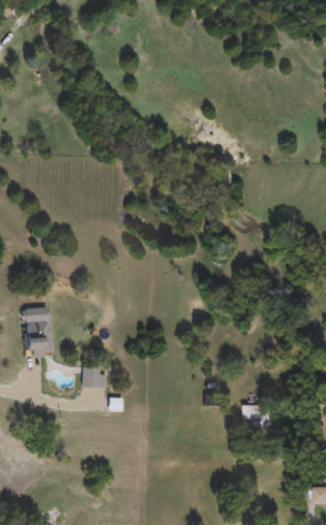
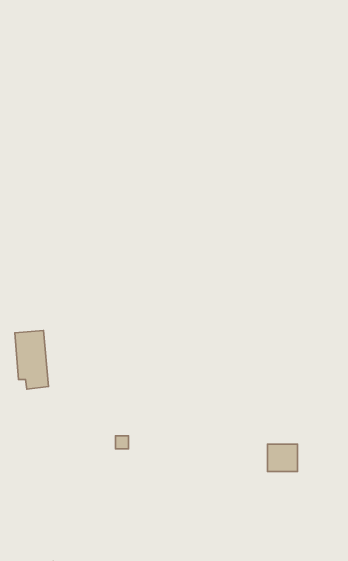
building: [81,366,104,387] -> none

